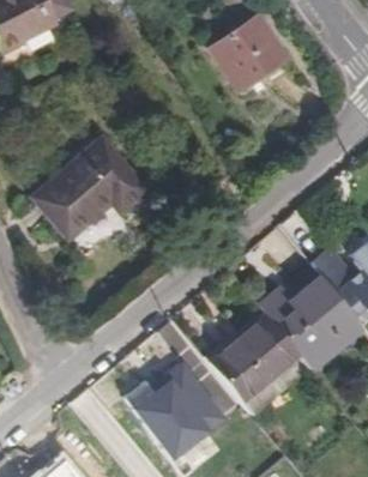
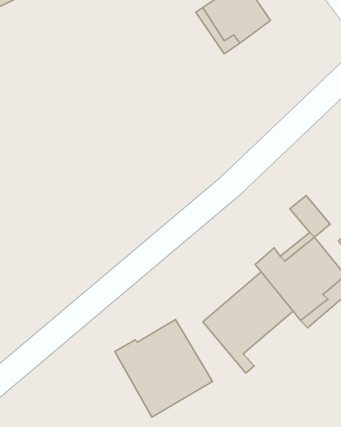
building: [35,139,144,238] -> none

